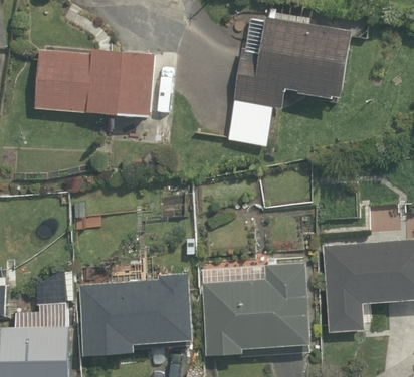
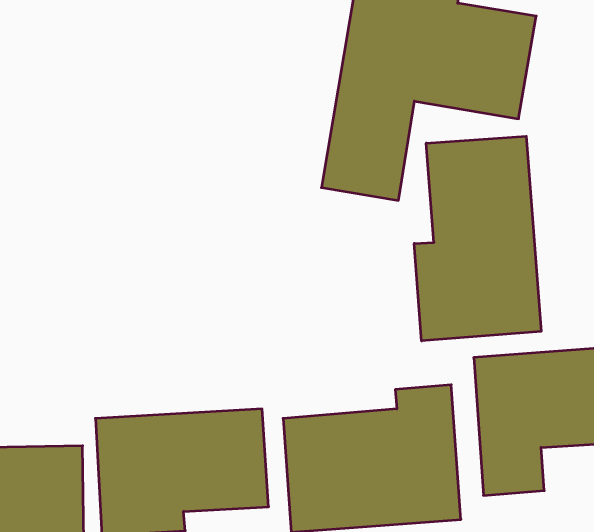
building: [36,45,156,117] -> none
building: none -> [414,136,541,341]

